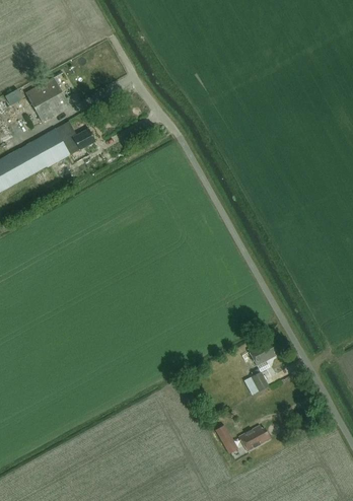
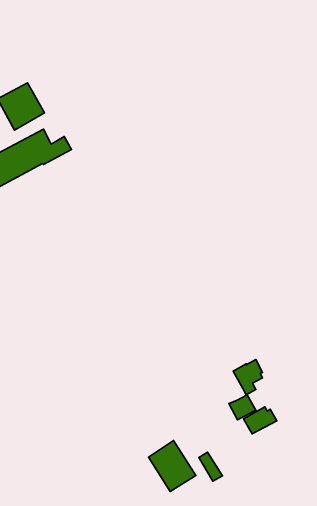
building: none -> [149,440,196,491]
building: [238,426,270,451] -> [243,407,277,434]

